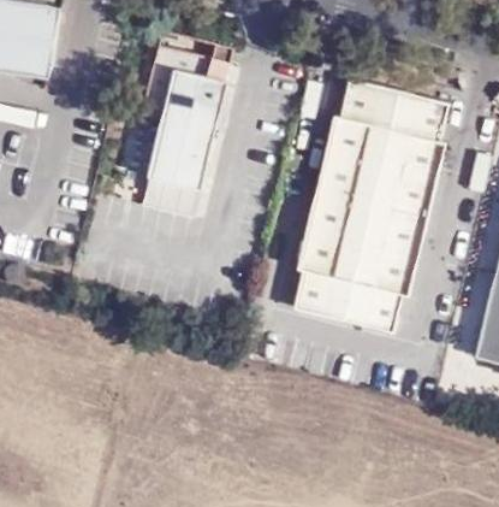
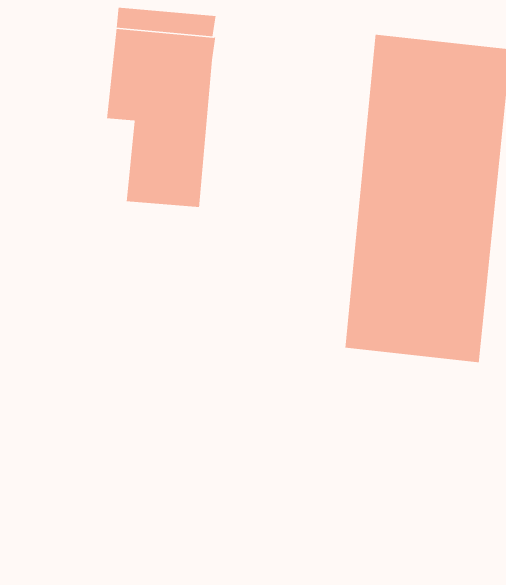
building: [138,175,198,216] -> none

